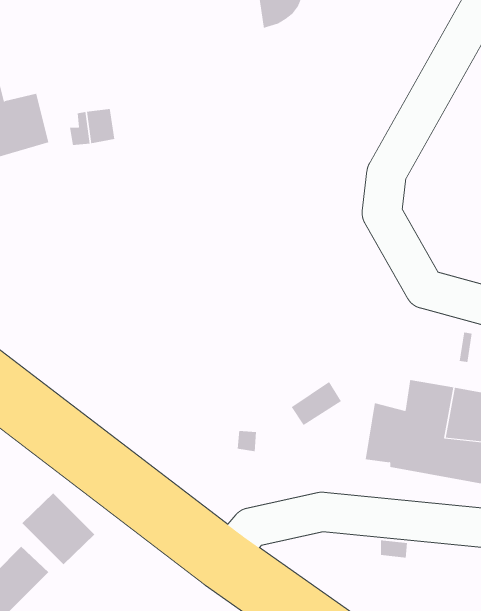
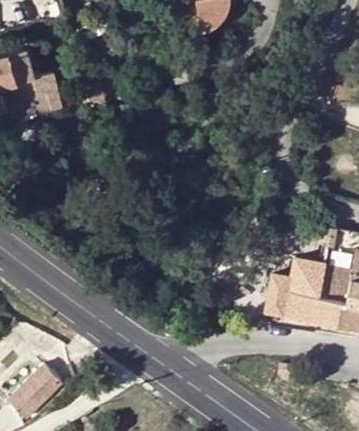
building: [21,492,95,565] -> none

